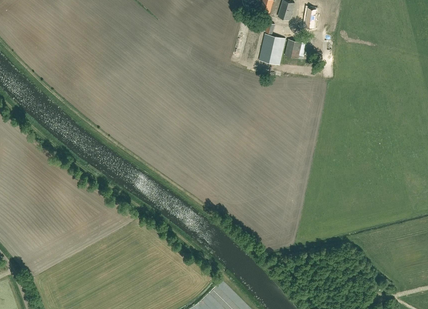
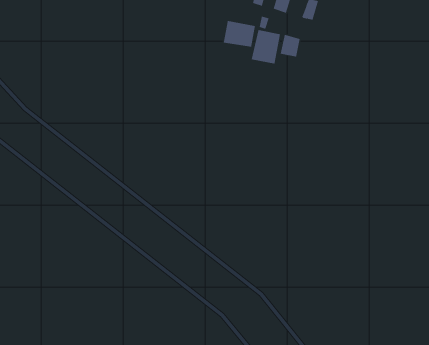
building: none -> [223,20,255,47]

